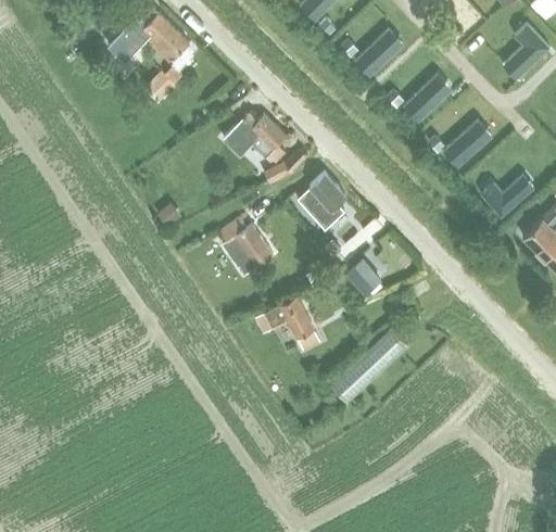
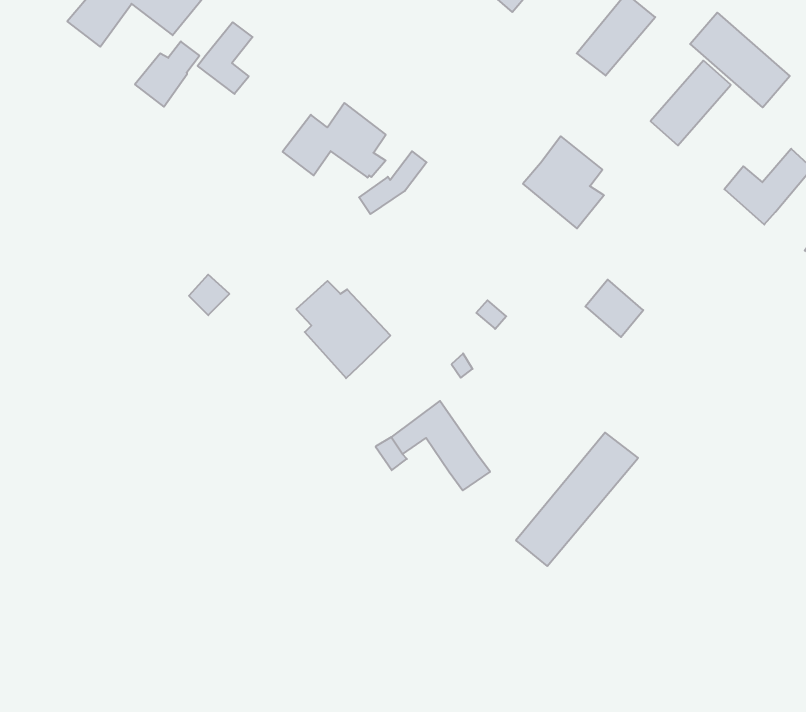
building: none -> [198,22,253,94]
building: none -> [690,13,790,107]
building: [298,174,345,229] -> [523,136,604,228]
building: [348,259,381,294] -> [585,280,643,337]

